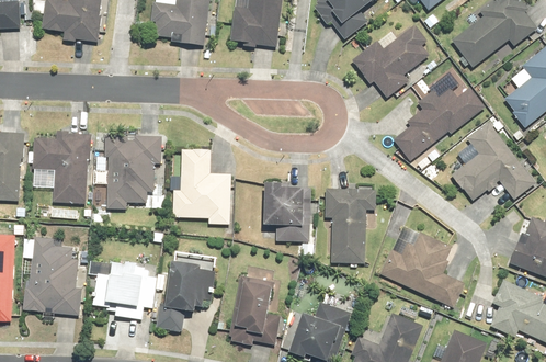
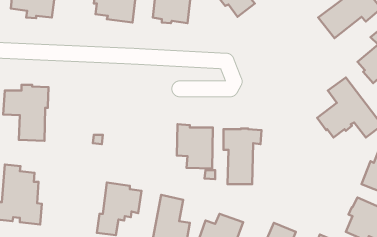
building: [350,24,428,98] -> none
building: [394,87,484,159] -> none
building: [104,132,162,207] -> none
building: [172,148,230,224] -> none
building: [379,230,464,306] -> none
building: [92,261,149,319] -> none

